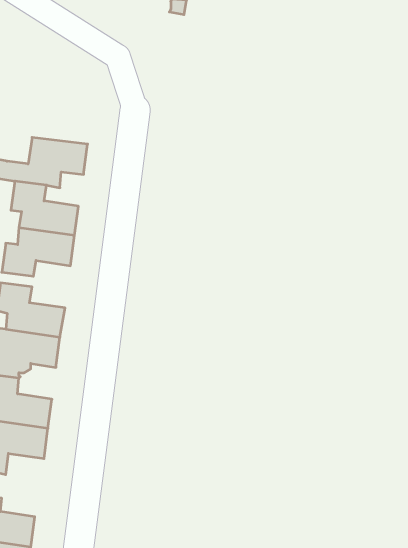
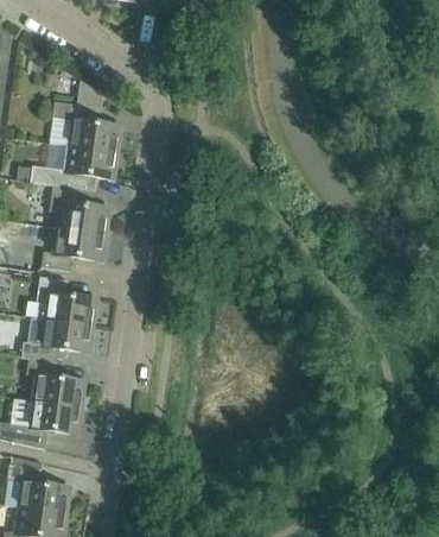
building: none -> [52,78,121,150]

